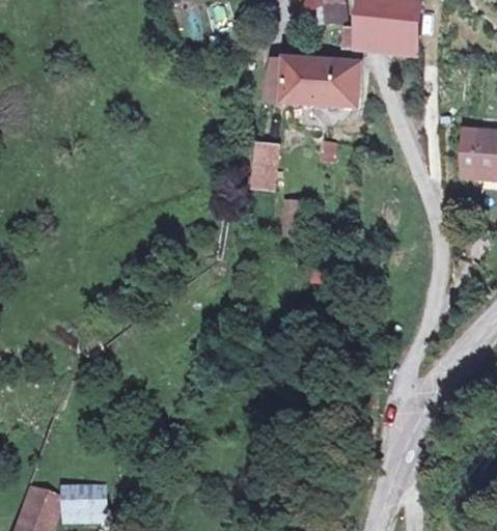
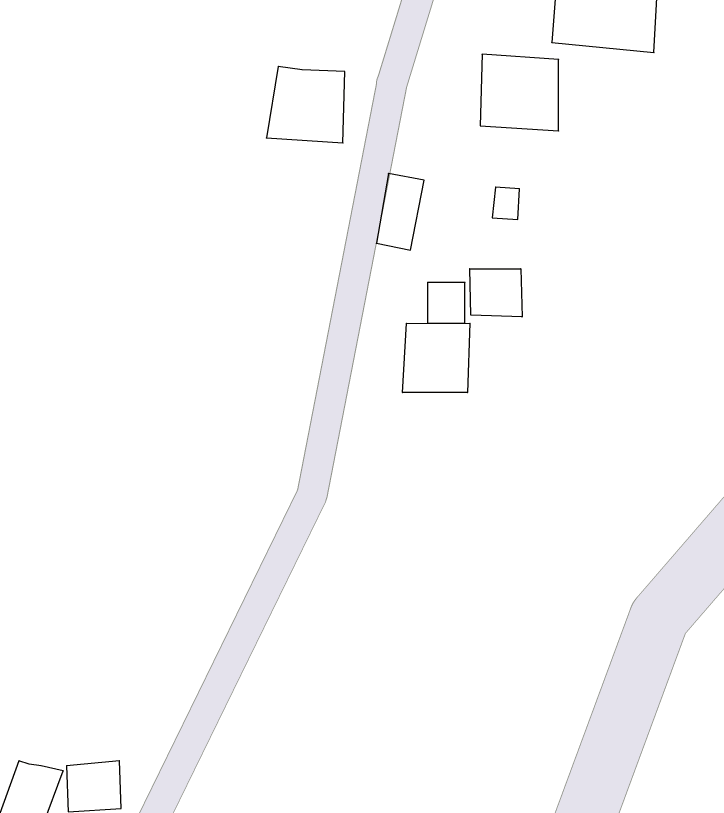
building: [265,55,312,102] -> [266,66,345,143]
building: none -> [470,269,522,317]
building: none -> [403,323,470,393]

